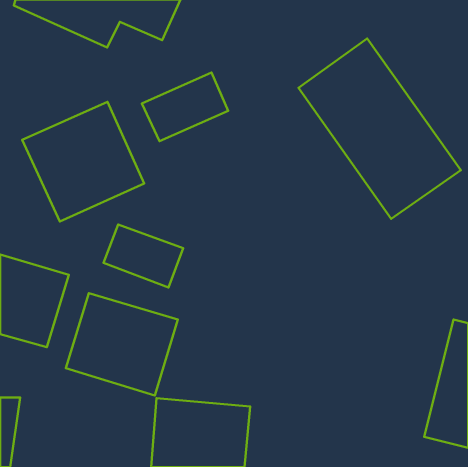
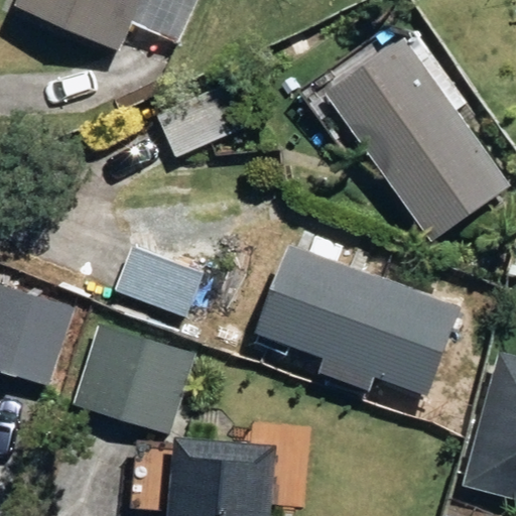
building: [22,102,144,222] -> none
building: none -> [252,245,460,398]

